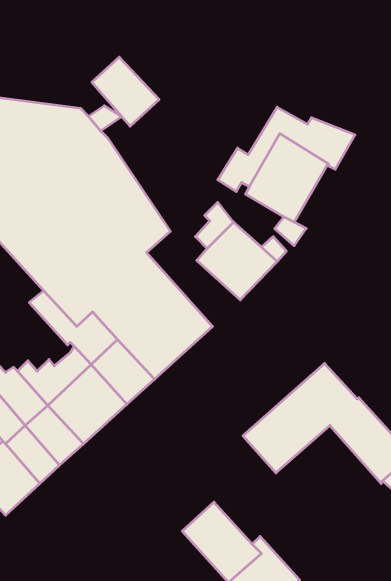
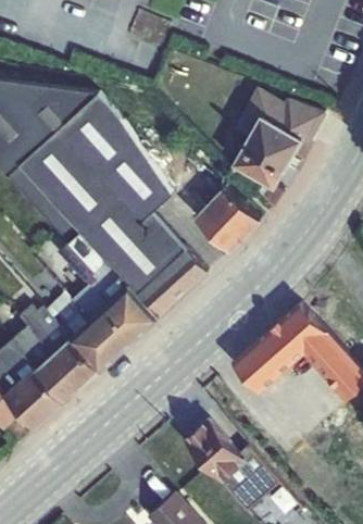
building: [92,57,159,126] -> none

